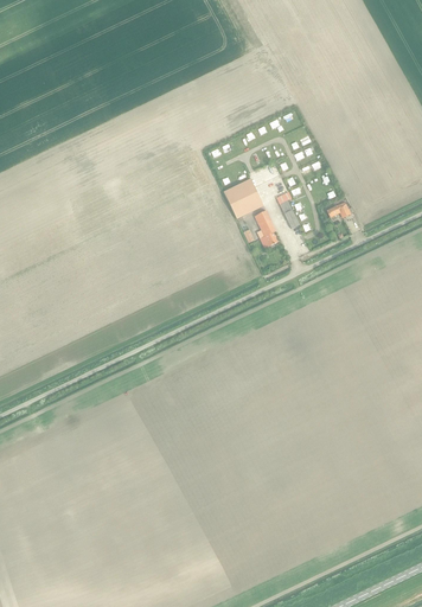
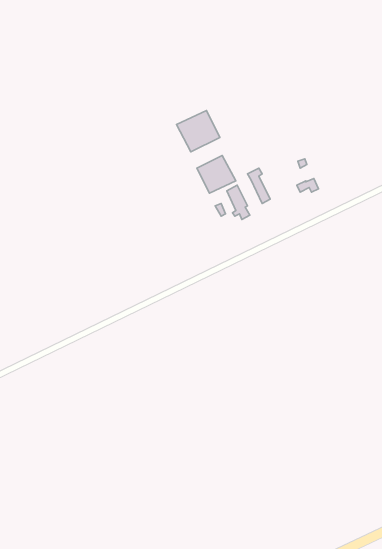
building: none -> [176,111,220,152]

